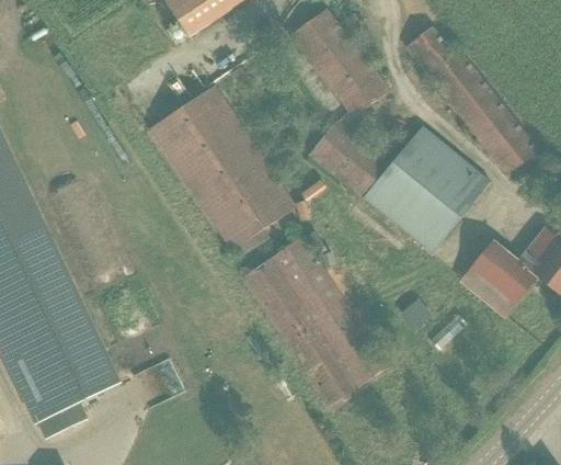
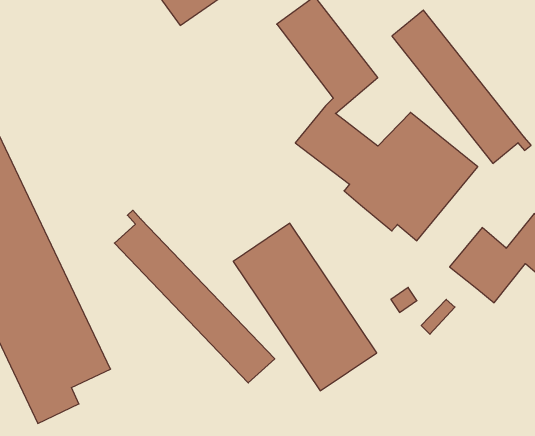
building: [147,83,296,256] -> none
building: none -> [114,210,275,383]

